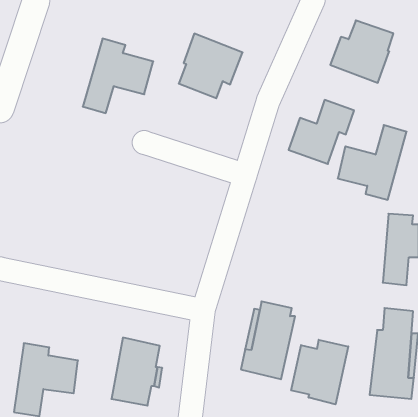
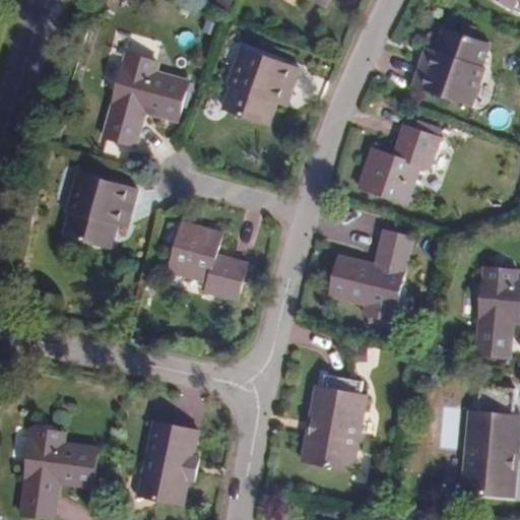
building: [338,125,407,200] -> [329,230,414,322]
building: none -> [63,171,138,245]
building: none -> [170,223,249,302]
building: [291,340,348,404] -> none

